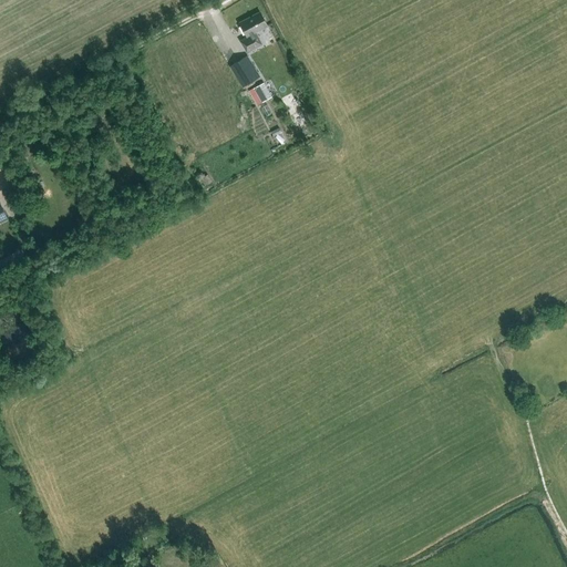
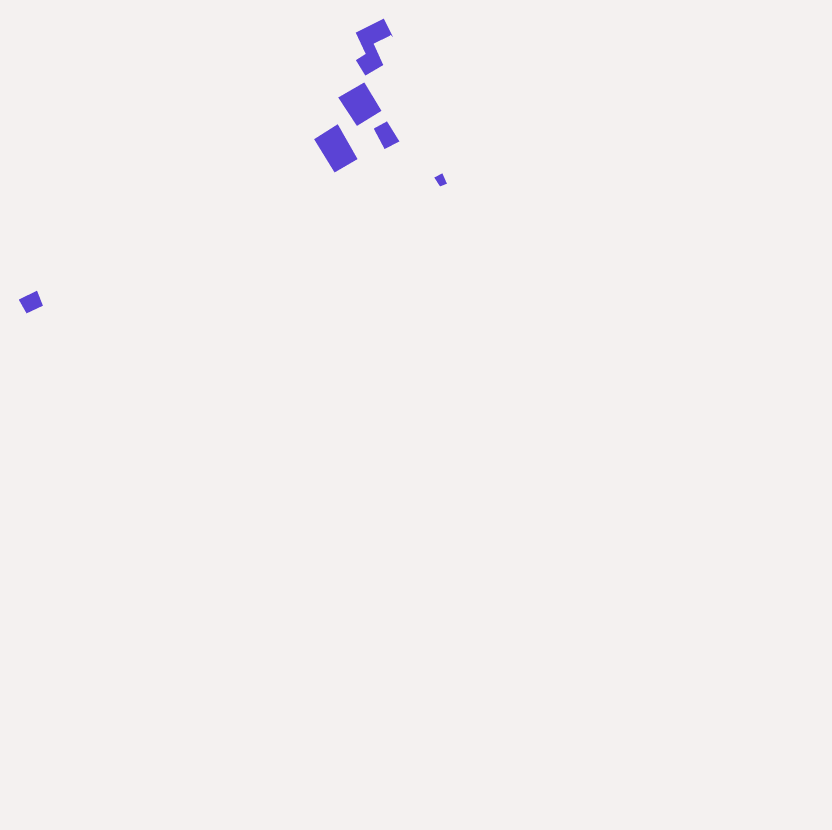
building: none -> [313,123,359,174]

